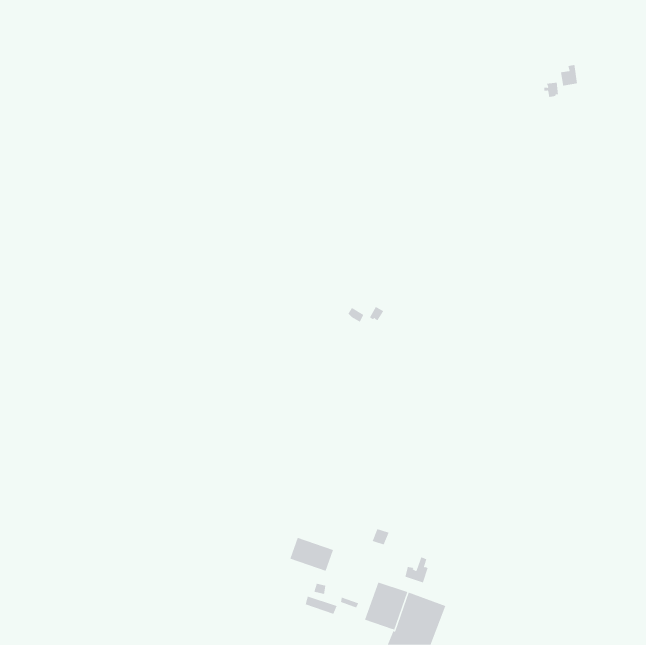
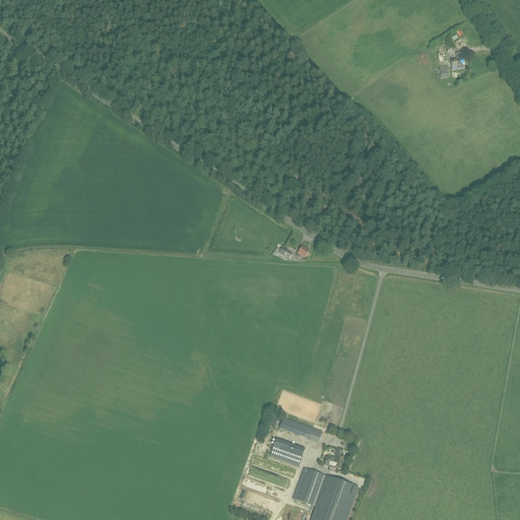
building: [290,537,334,571] -> [270,438,306,465]

